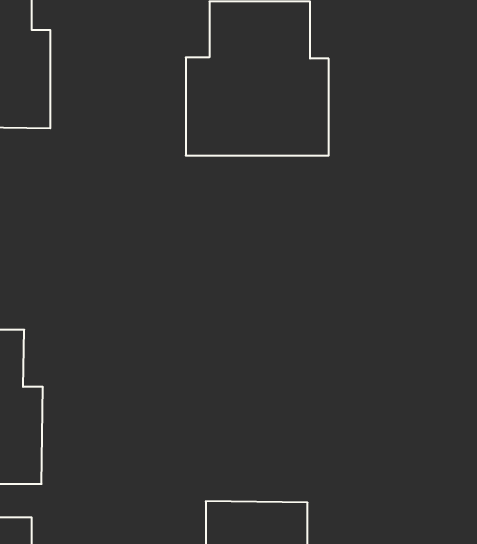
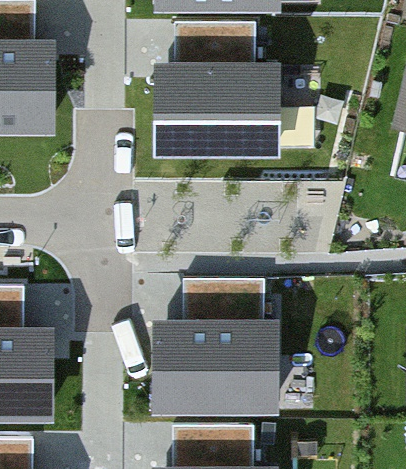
building: none -> [165,283,280,407]

